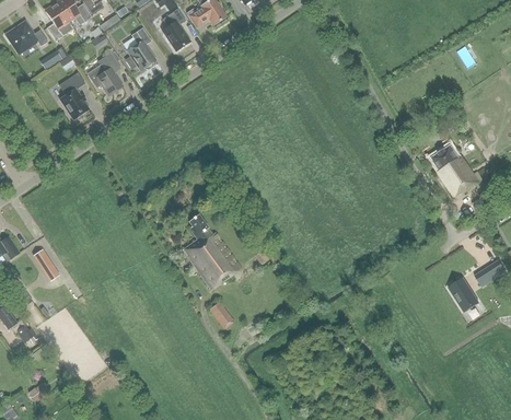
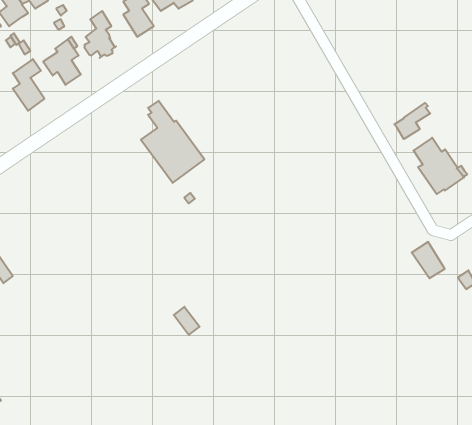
building: none -> [394,103,430,139]
building: [182,213,241,290] -> [141,101,204,183]
building: [448,277,478,311] -> [412,242,445,278]

